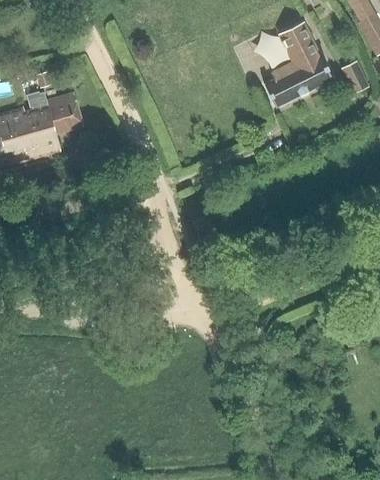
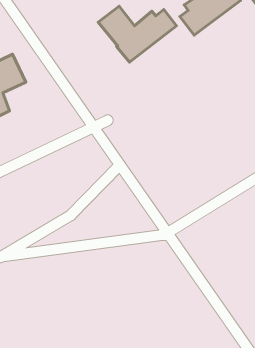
building: none -> [98,6,176,62]

